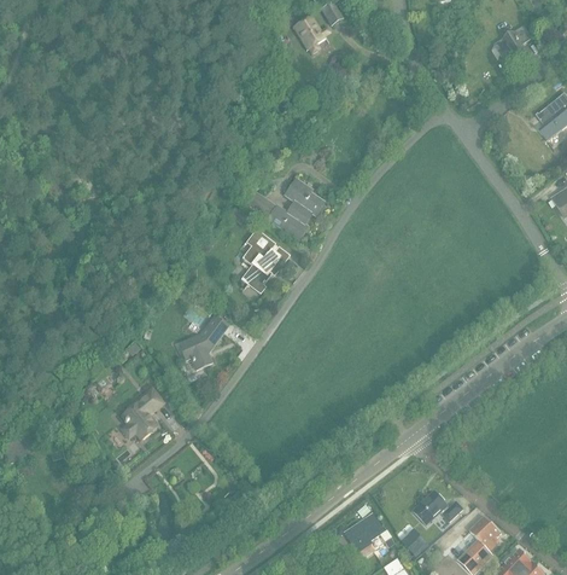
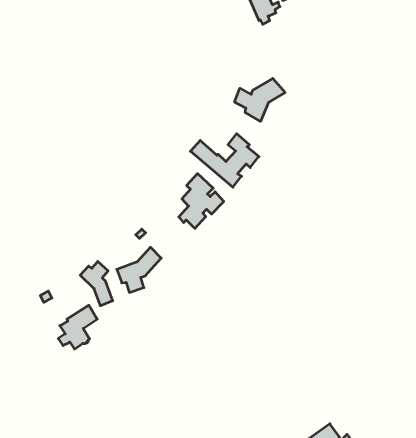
building: none -> [235,78,285,121]
building: none -> [80,261,113,306]

